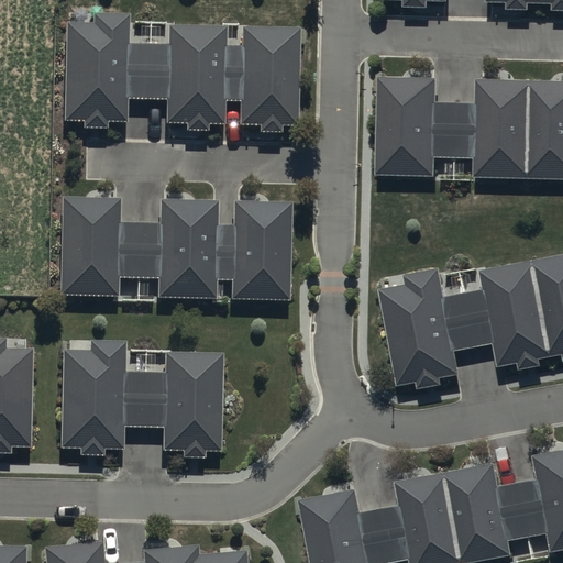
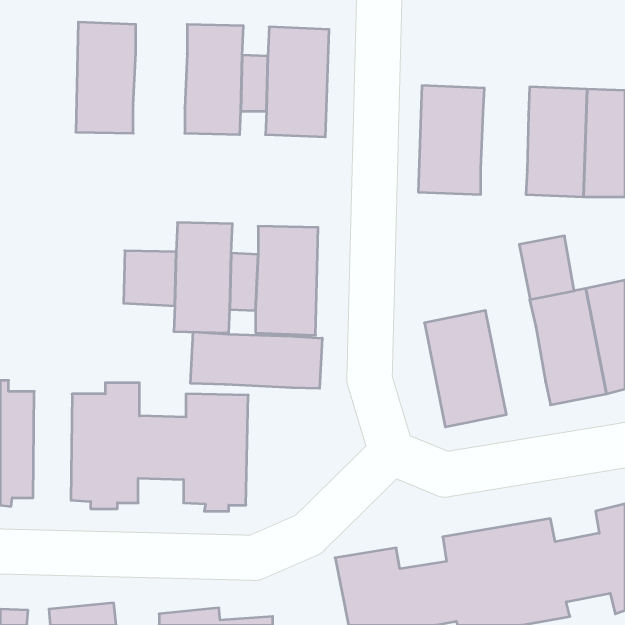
building: [120,47,168,97] -> none
building: [432,101,475,153] -> none
building: [58,198,113,298] -> none
building: [441,294,490,351] -> [519,236,574,299]
building: none -> [191,332,322,388]

